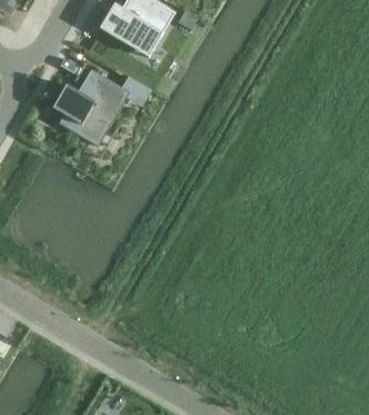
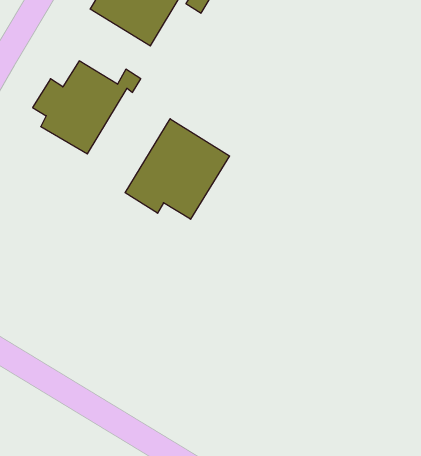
building: none -> [125,119,230,219]

